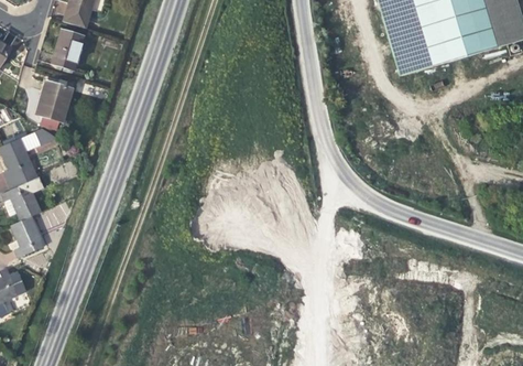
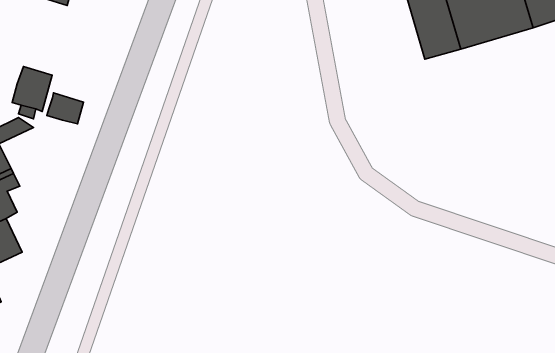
building: [52,30,83,68] -> none
building: none -> [47,93,84,124]

